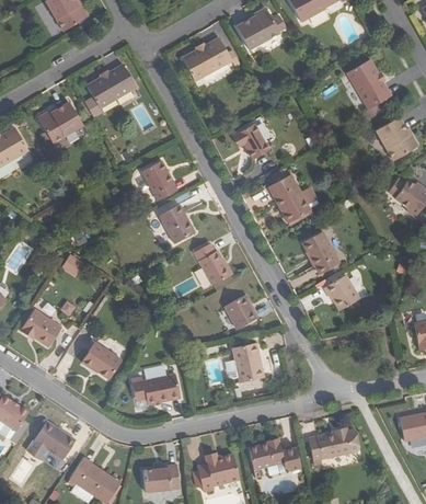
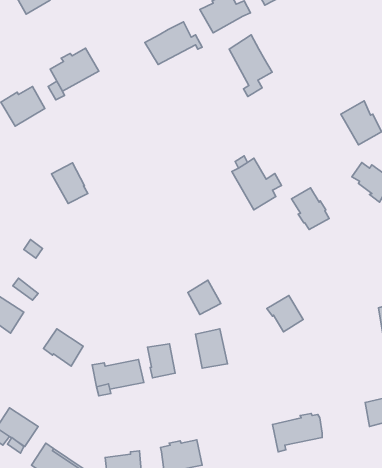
building: [348,58,391,119] -> [229,35,272,97]
building: [234,124,268,159] -> none
building: [141,160,177,201] -> [52,163,88,204]
building: [159,205,195,243] -> none
building: [301,231,338,273] -> [292,188,329,230]
building: [194,243,230,286] -> none
building: [323,274,359,310] -> [267,295,303,332]
building: none -> [147,344,175,378]
building: [249,438,301,471] -> none

